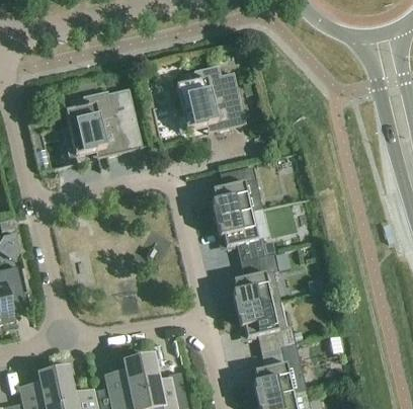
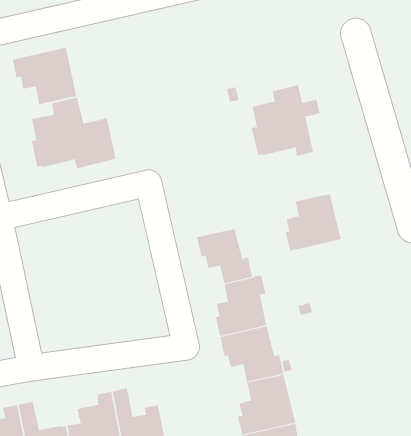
building: none -> [12,47,77,105]
building: [175,65,239,131] -> [251,85,321,157]
building: [212,166,263,219] -> [285,194,341,251]

